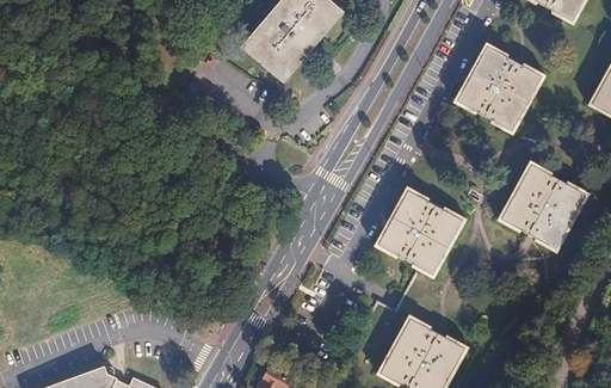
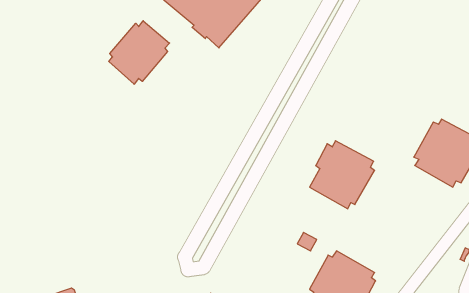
building: [462,49,539,128] -> none
building: none -> [109,21,170,84]

